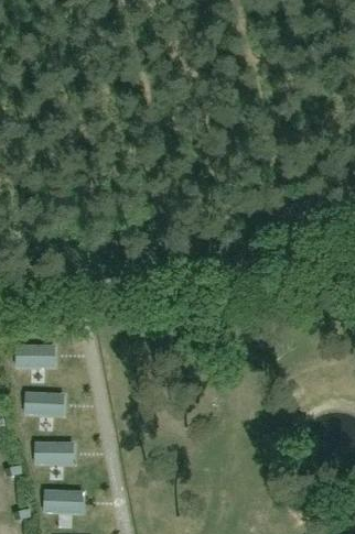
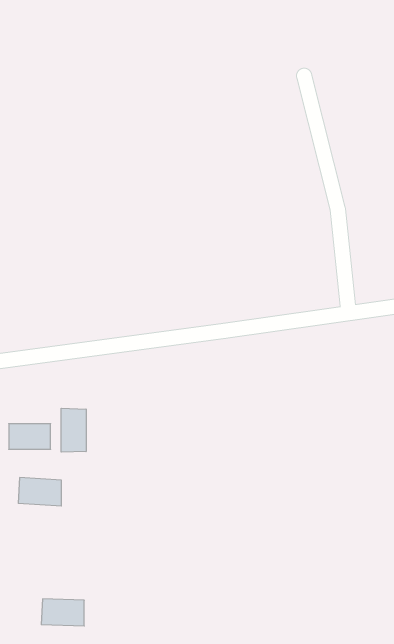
building: none -> [61,408,86,452]
building: [36,442,72,464] -> none

